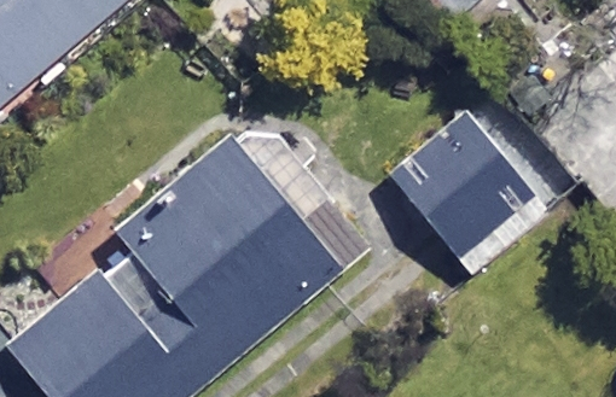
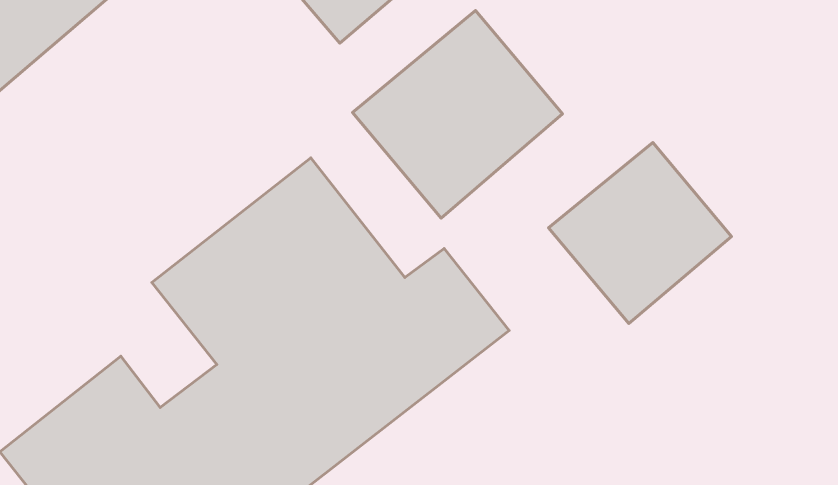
building: none -> [352,11,563,218]

